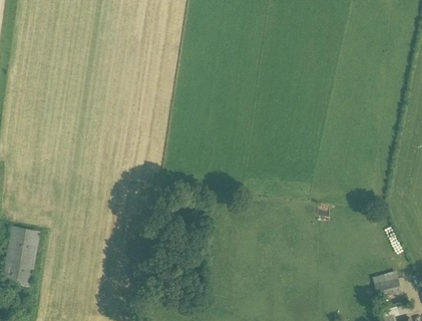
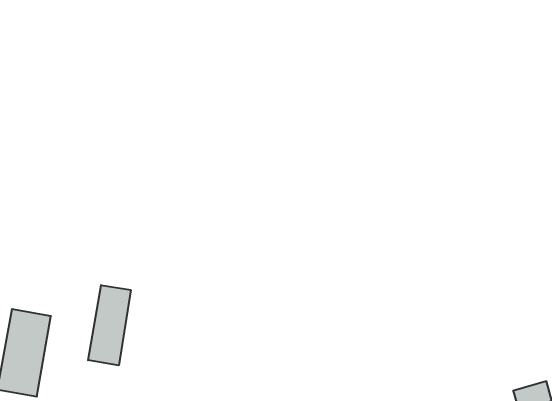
building: none -> [88,285,131,365]

